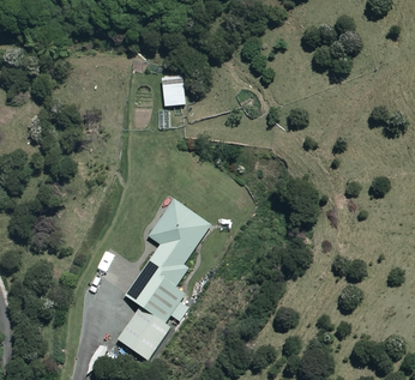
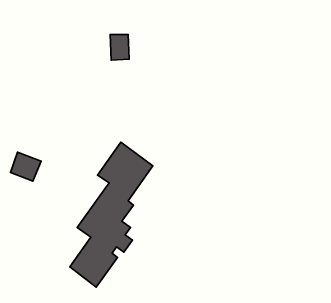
building: none -> [10,152,41,181]

